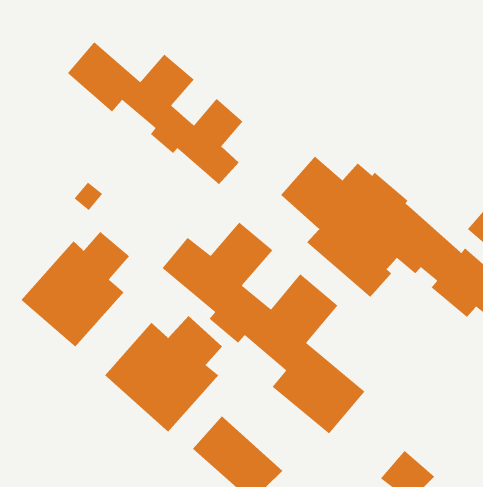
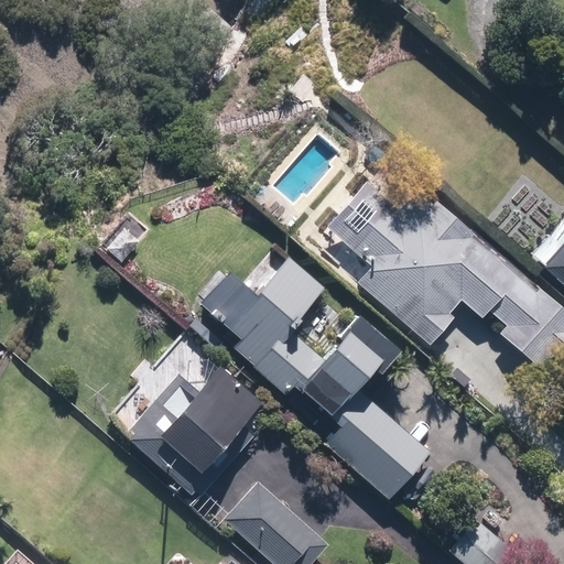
building: [67,41,243,185] -> none
building: [21,231,130,348] -> none

